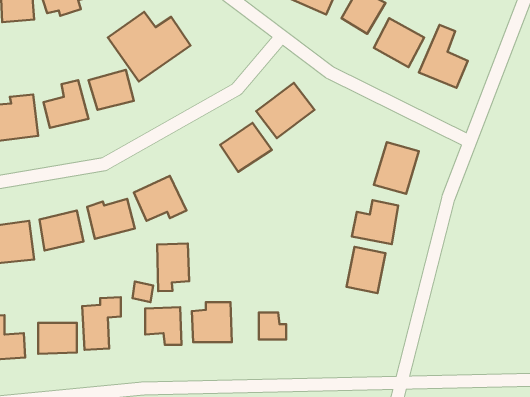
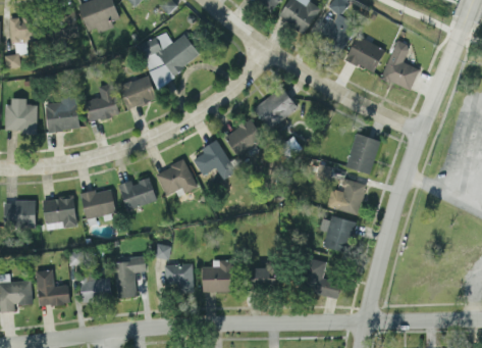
building: none -> [192,141,236,179]
building: [157,243,189,291] -> none
building: none -> [301,257,341,298]

